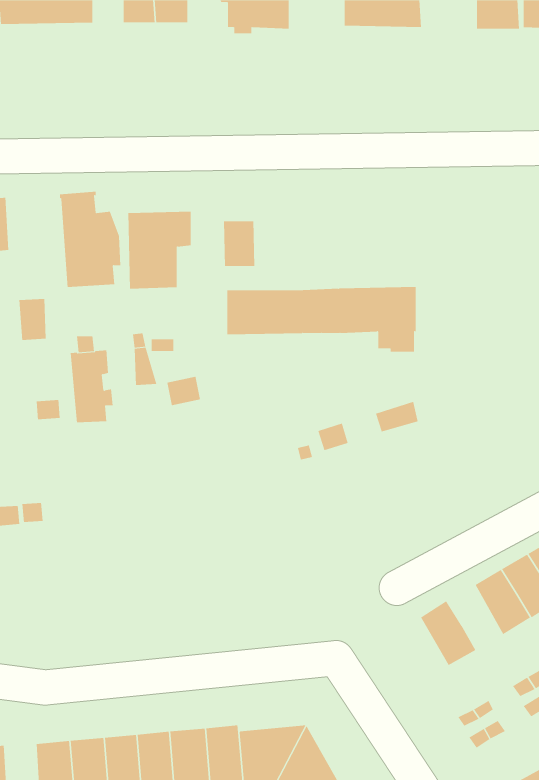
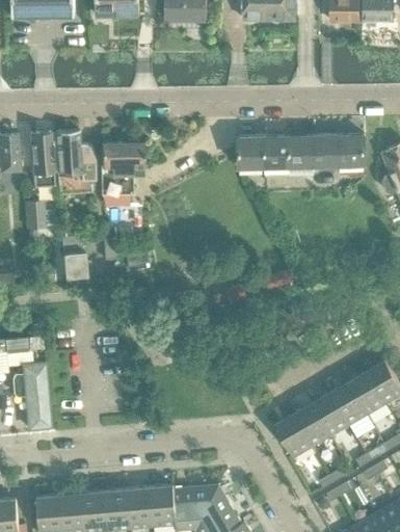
building: none -> [30,131,54,185]
building: [223,220,255,267] -> none
building: [226,287,416,352] -> [239,133,366,177]
building: none -> [24,364,52,431]
building: none -> [313,392,350,435]
building: none -> [275,414,314,457]

